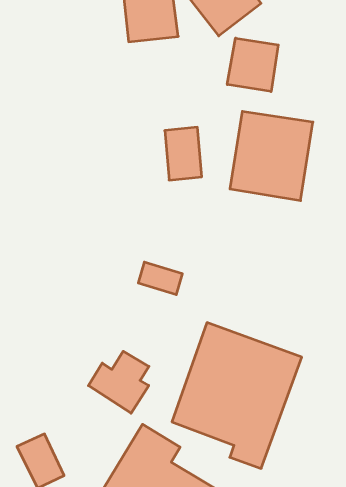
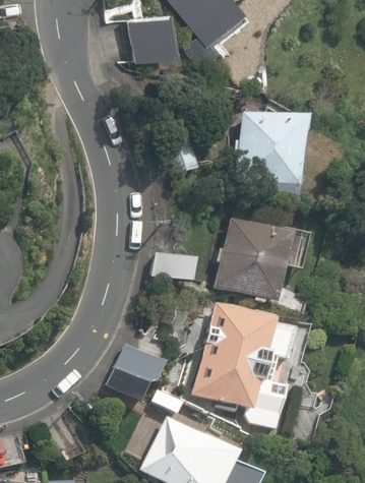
building: [227,38,278,92] -> none
building: none -> [210,216,301,304]

